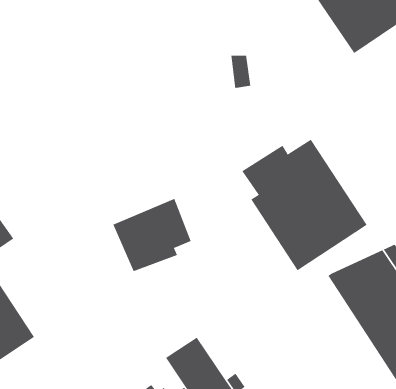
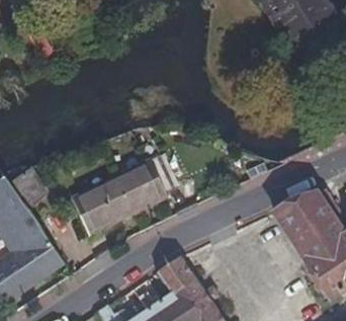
building: [242,139,367,271] -> none
building: none -> [71,176,133,230]

